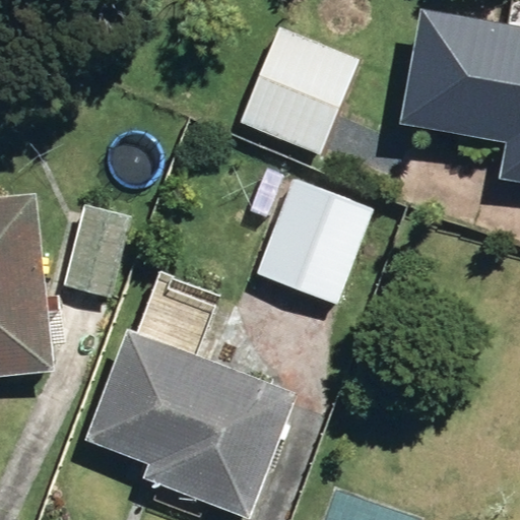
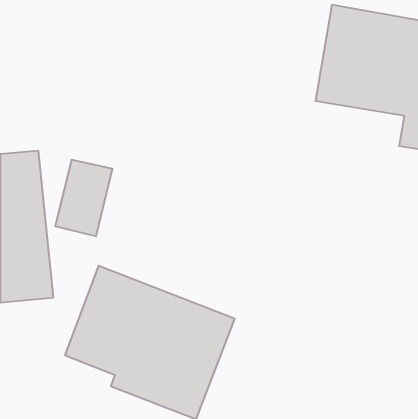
building: [238,22,358,155] -> none
building: [254,174,376,306] -> none

